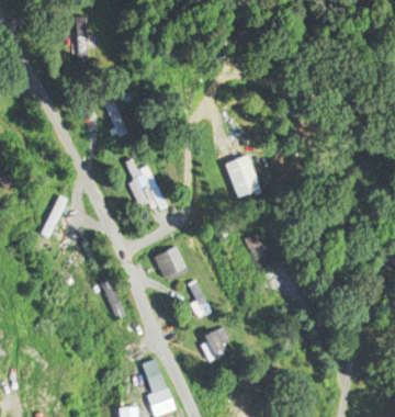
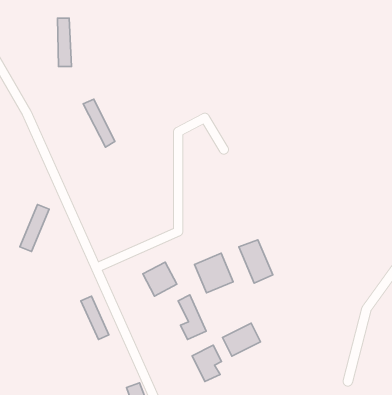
building: [224,149,260,193] -> none
building: [125,157,162,212] -> none
building: none -> [194,253,233,293]
building: none -> [222,323,261,356]

